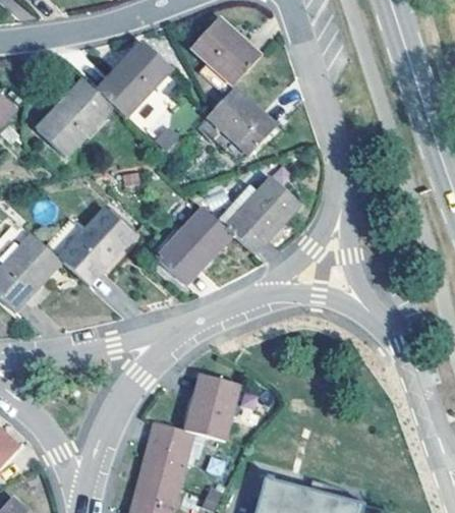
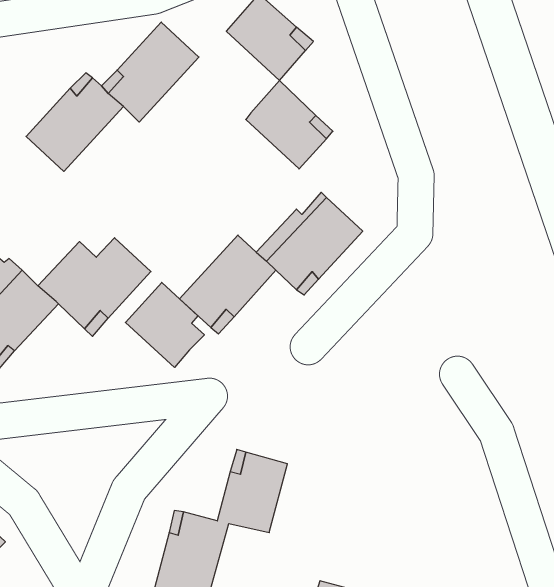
building: none -> [125,282,204,367]

